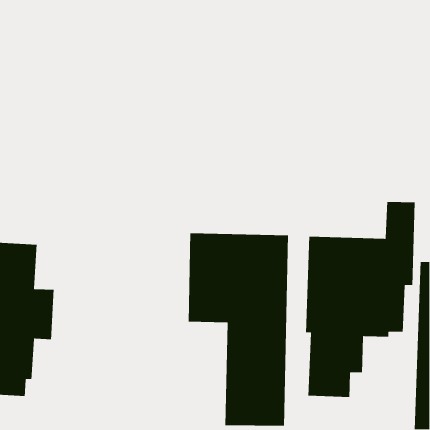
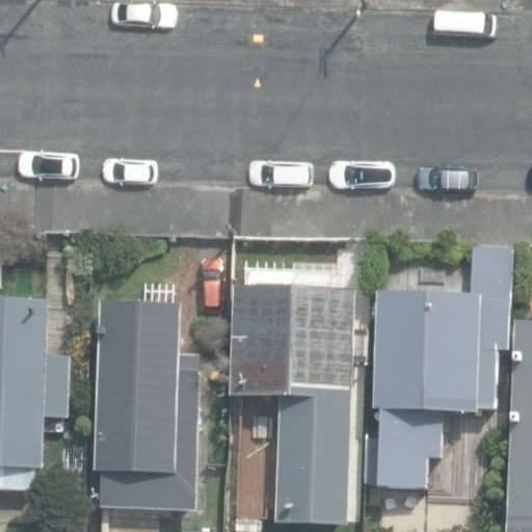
building: none -> [94,300,201,509]

